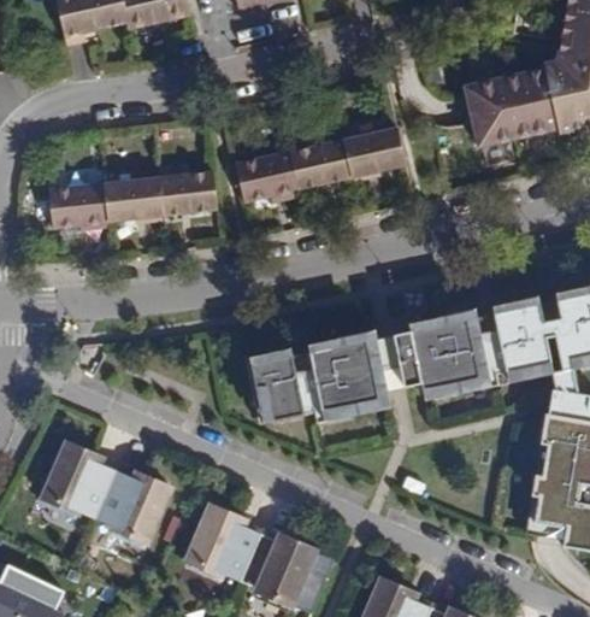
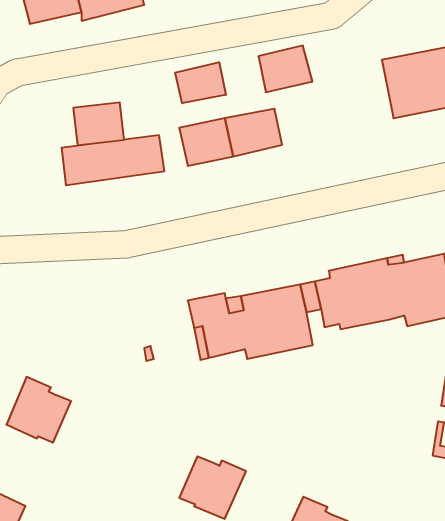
building: none -> [175,62,226,103]
building: [347,125,408,178] -> [258,46,312,92]
building: [52,182,110,230] -> [73,103,124,145]
building: [95,470,170,542] -> none
building: [185,504,259,580] -> none

